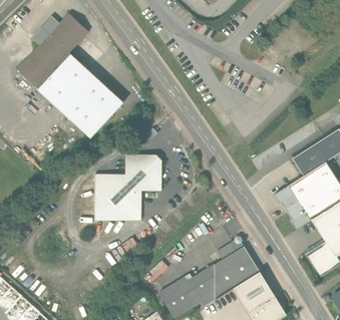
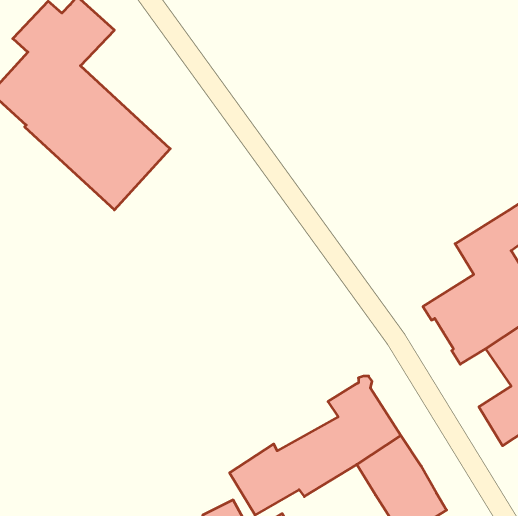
building: [95,153,161,221] -> none

